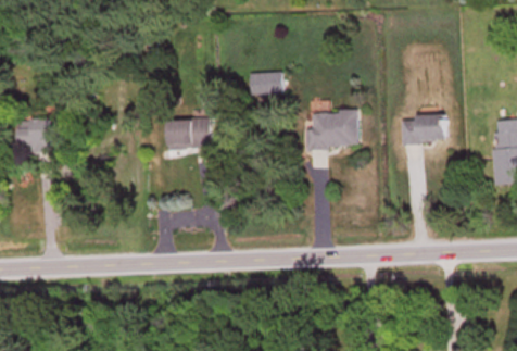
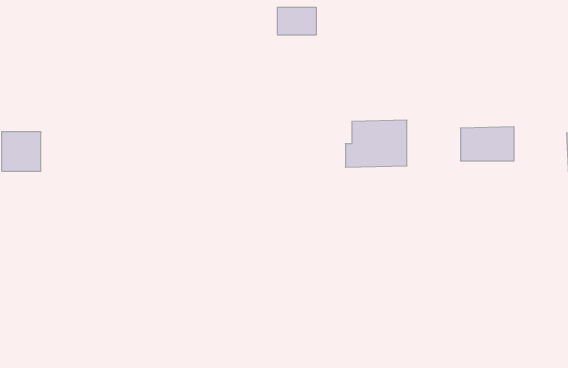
building: [250,72,282,95] -> [277,7,316,35]
building: [169,120,212,149] -> none

